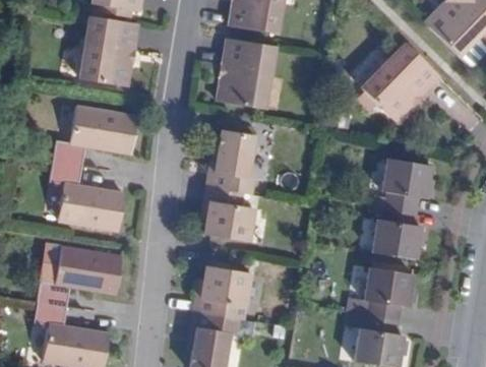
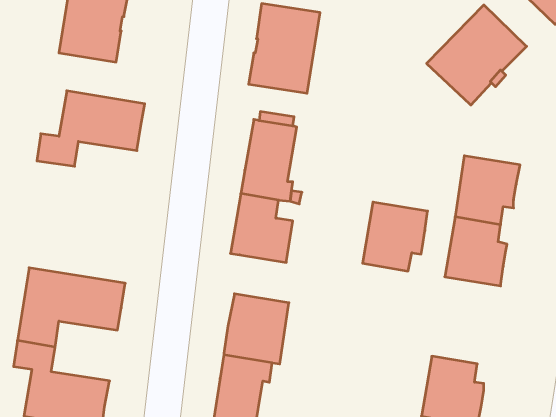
building: [49,162,125,231] -> none
building: [362,266,413,320] -> [363,202,428,271]

